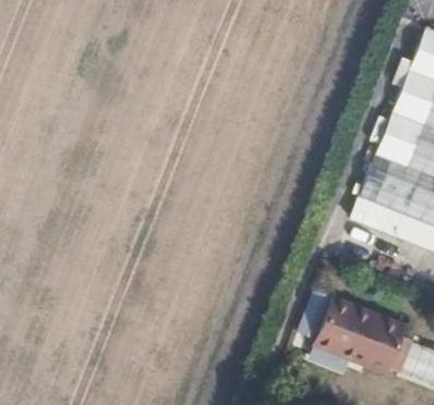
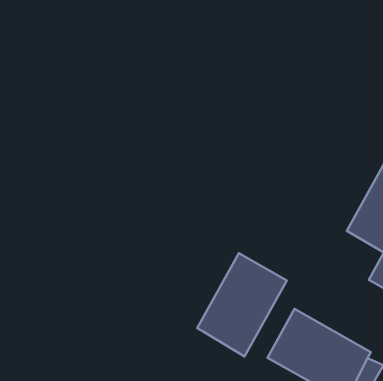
building: none -> [197,253,287,356]

